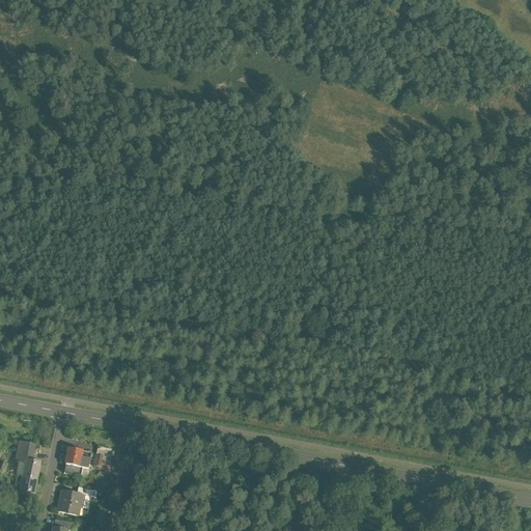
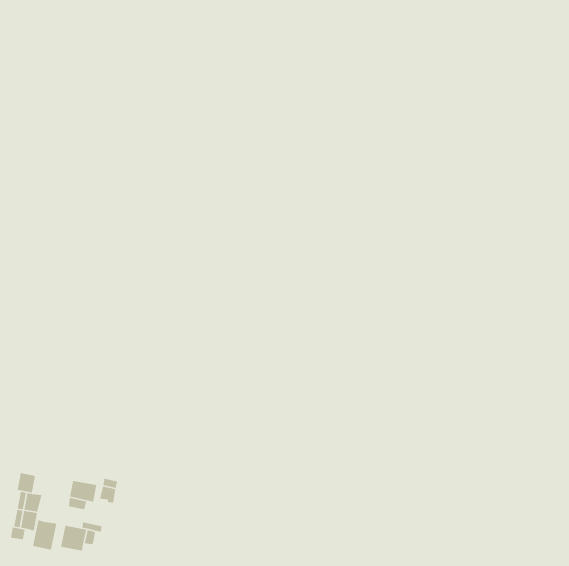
building: none -> [32,519,57,551]

